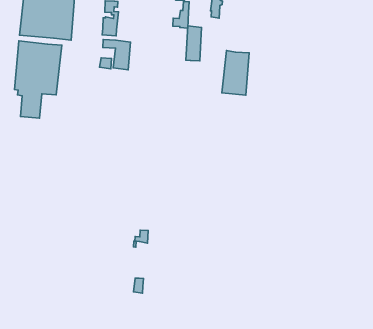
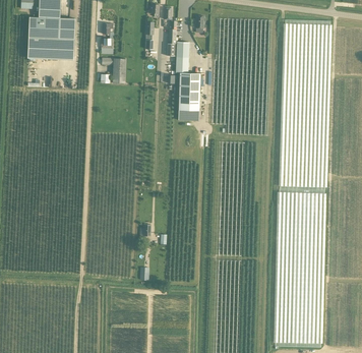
building: [14,41,62,118] -> none
building: [222,50,249,95] -> [177,71,199,110]

